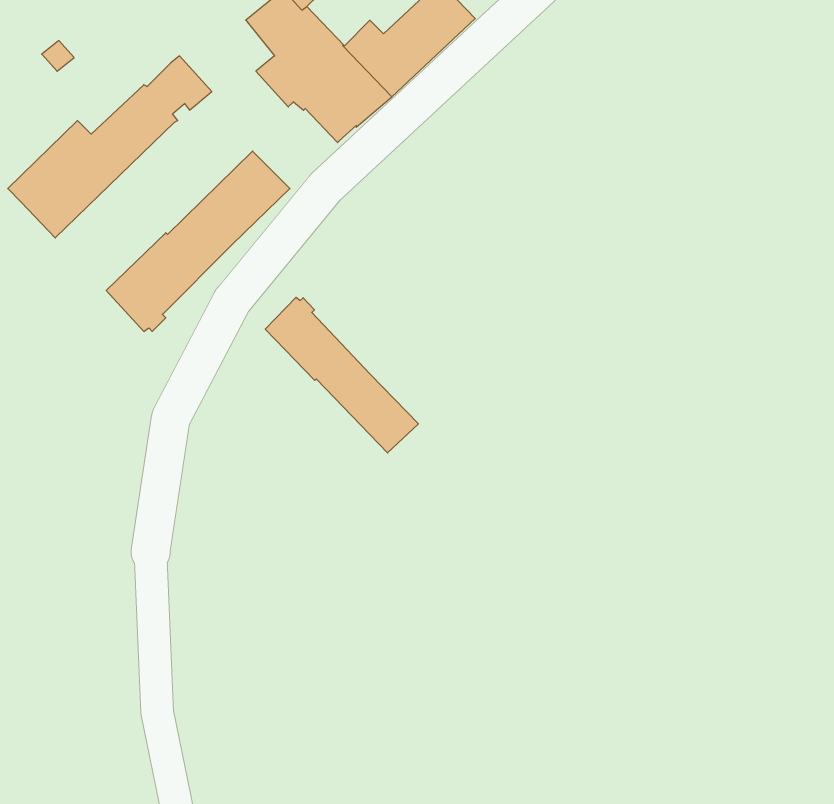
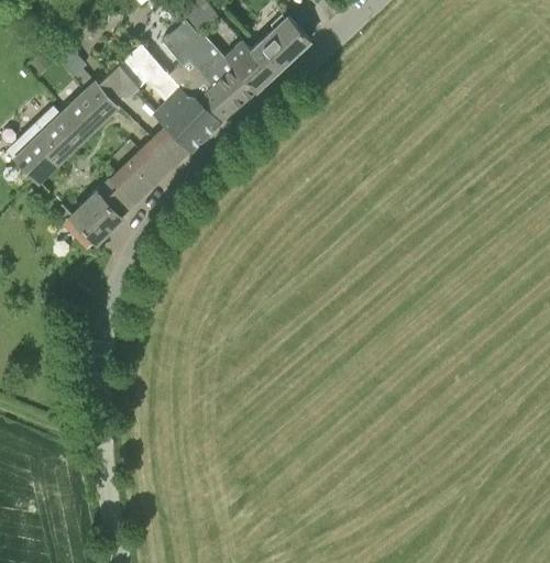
building: none -> [119,46,221,152]
building: [265,297,418,453] -> none

